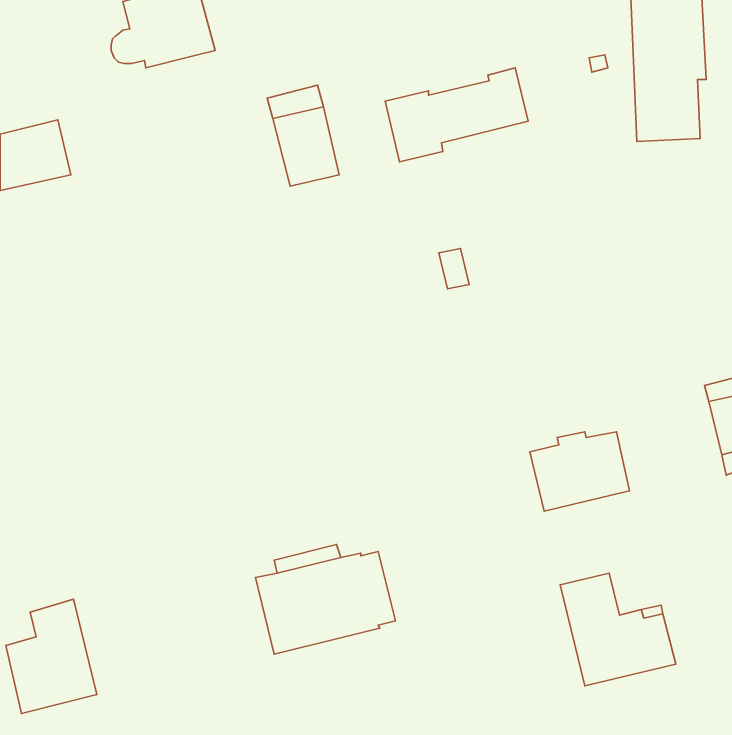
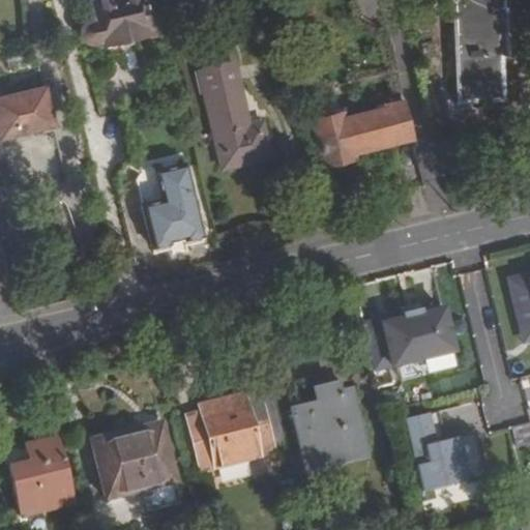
building: [385,68,528,162] -> [313,98,415,166]
building: none -> [212,122,271,170]
building: none -> [146,165,206,249]
building: none -> [295,390,365,467]
building: none -> [91,412,180,511]

